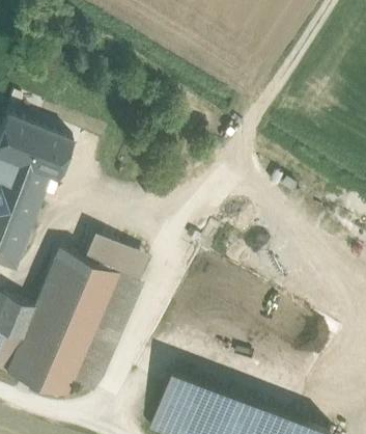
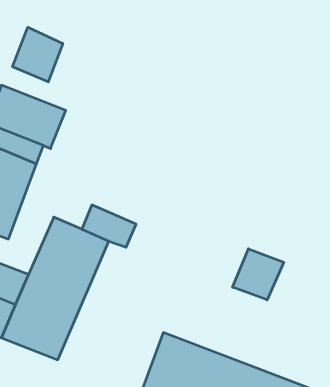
building: none -> [13,27,63,82]
building: [71,274,142,391] -> none
building: none -> [233,249,284,300]

